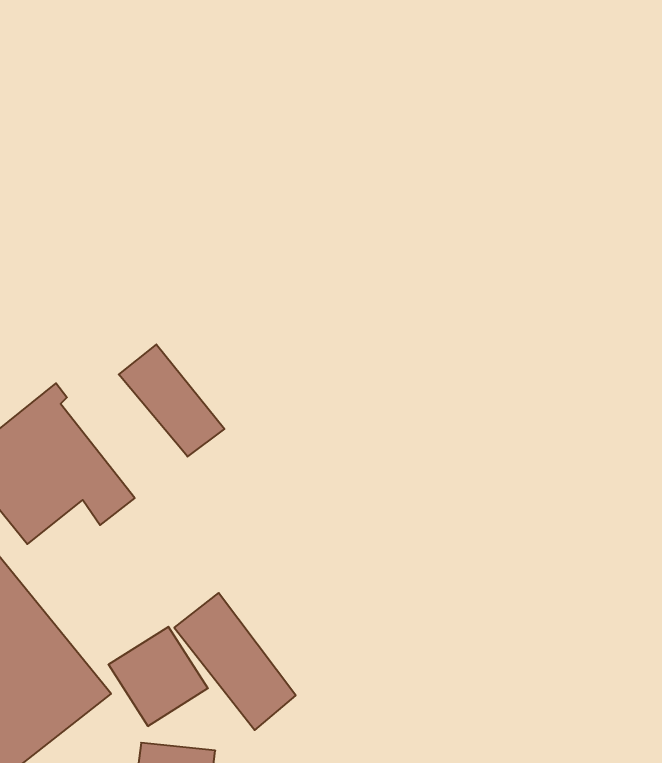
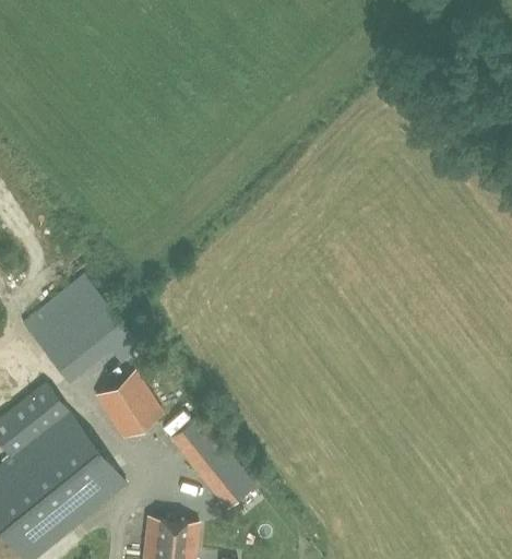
building: [119,344,224,457] -> none
building: [108,627,208,726] -> [95,369,164,438]

